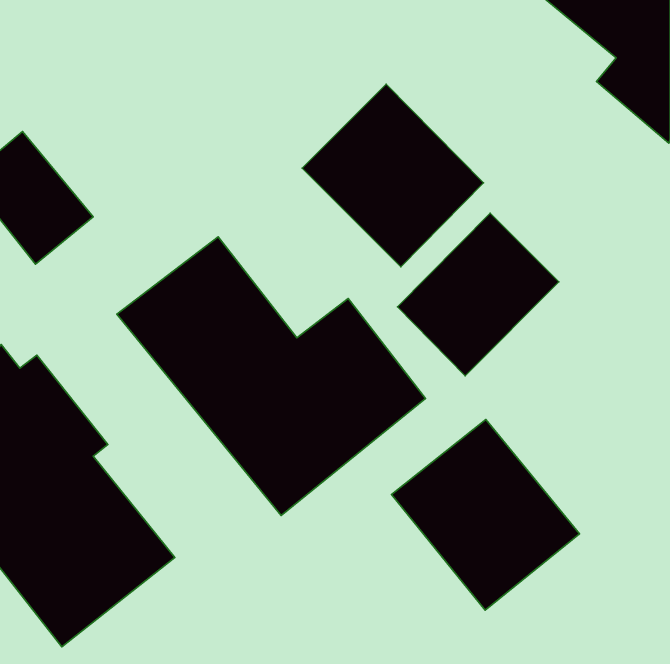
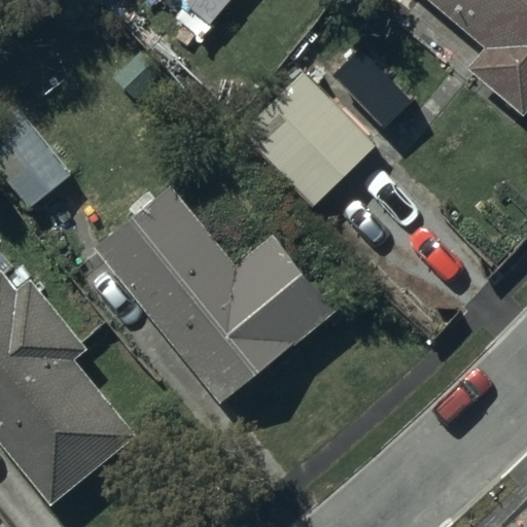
building: [398,213,559,376] -> none
building: [392,419,579,610] -> none

